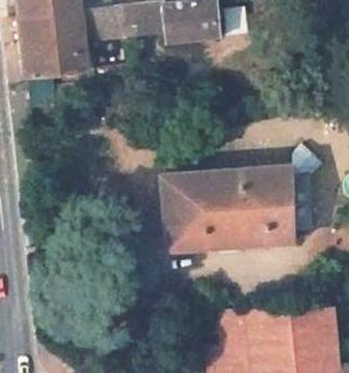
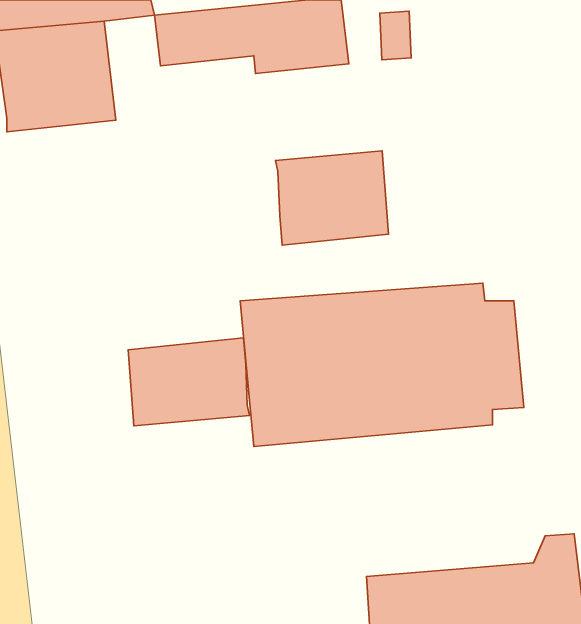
building: none -> [275,151,388,245]
building: none -> [128,338,250,426]

